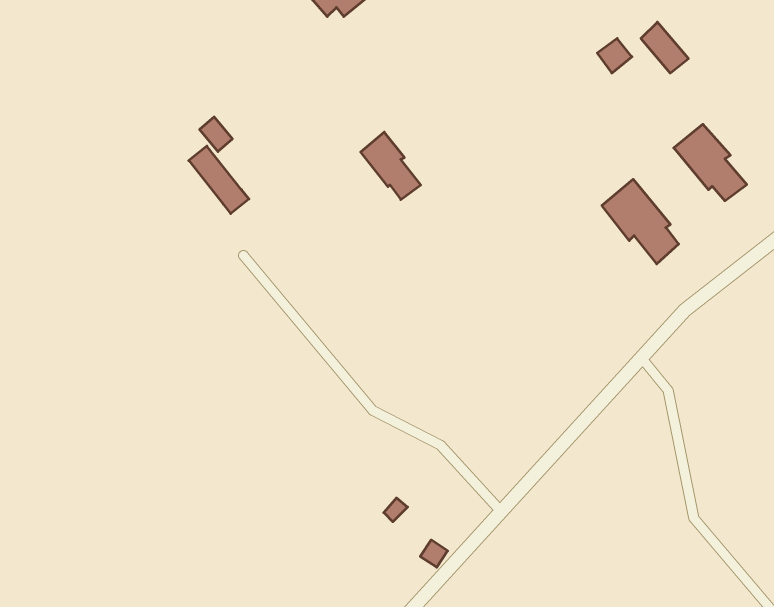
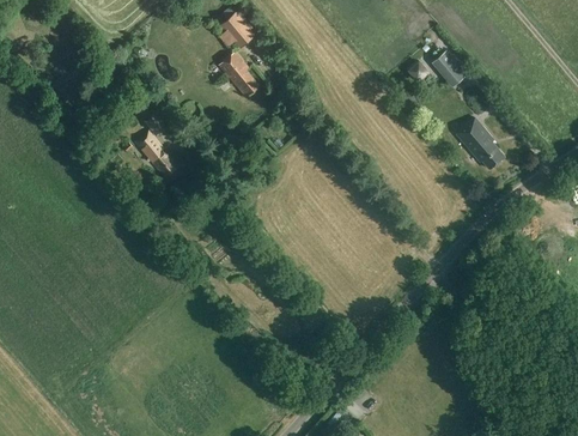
building: [361,132,421,200] -> [219,52,258,96]
building: [602,179,679,264] -> none

